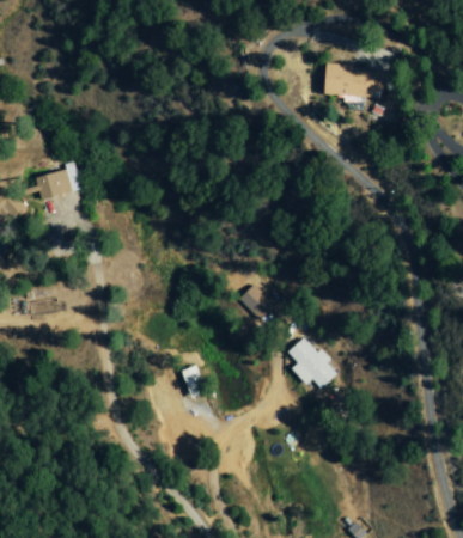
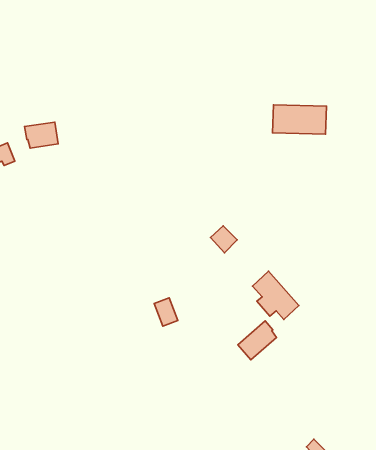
building: [316,67,376,99] -> [272,105,326,134]
building: none -> [238,321,277,360]

